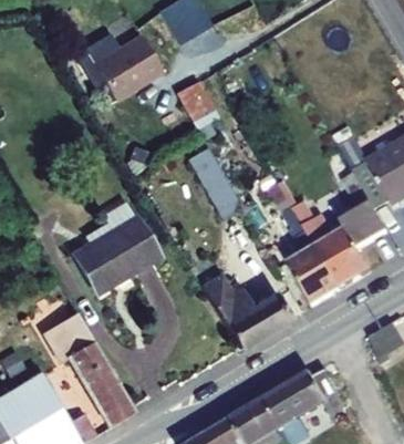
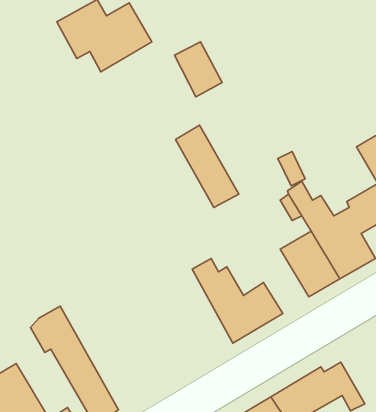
building: [72,197,158,290] -> none

